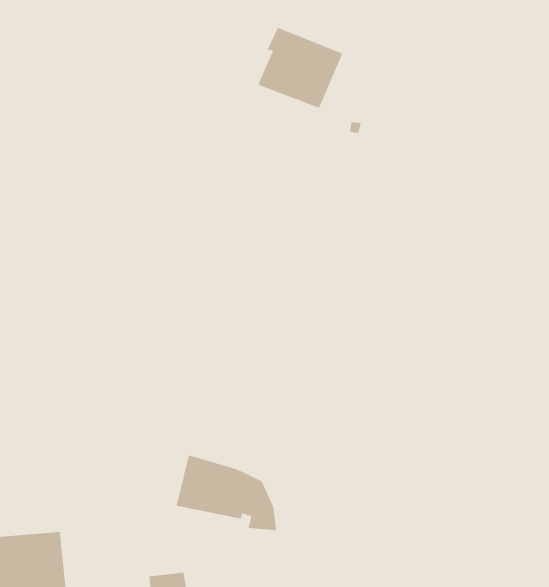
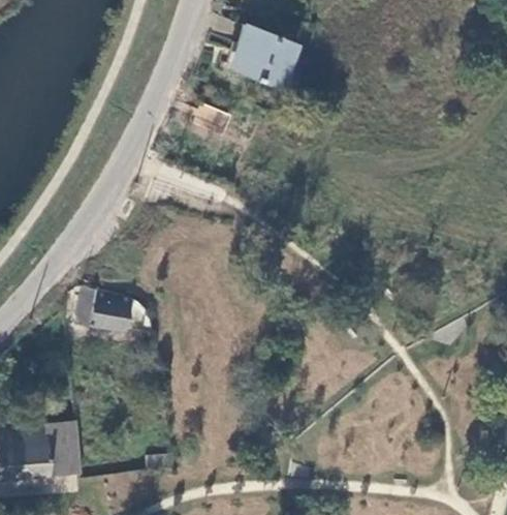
building: [176,455,278,531] -> [73,282,154,342]

